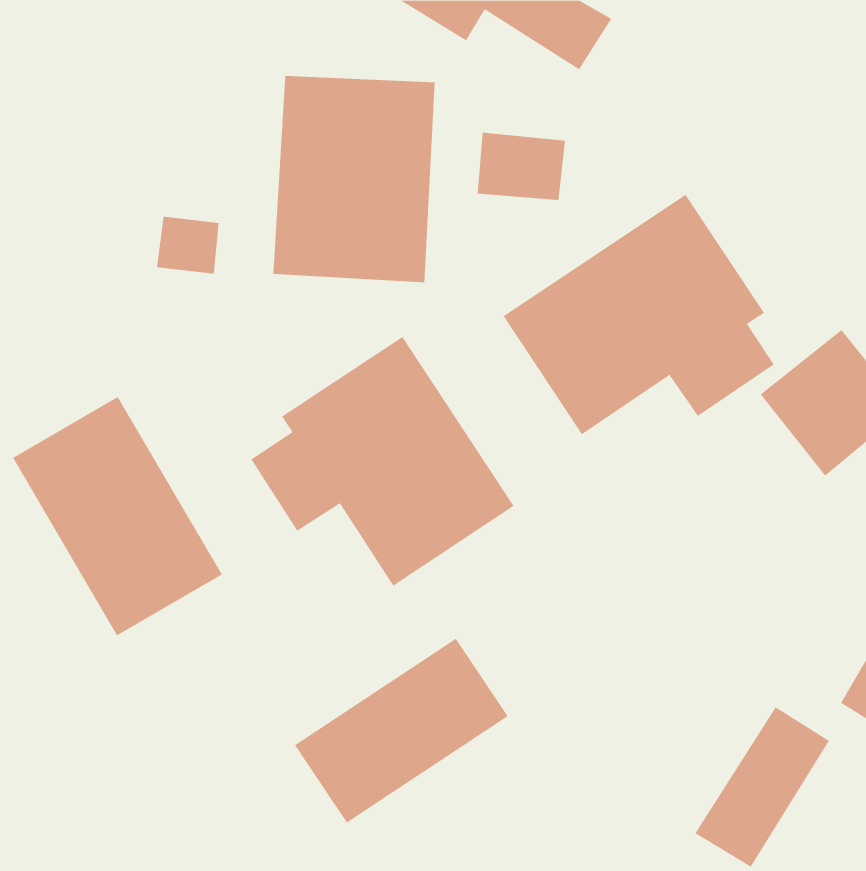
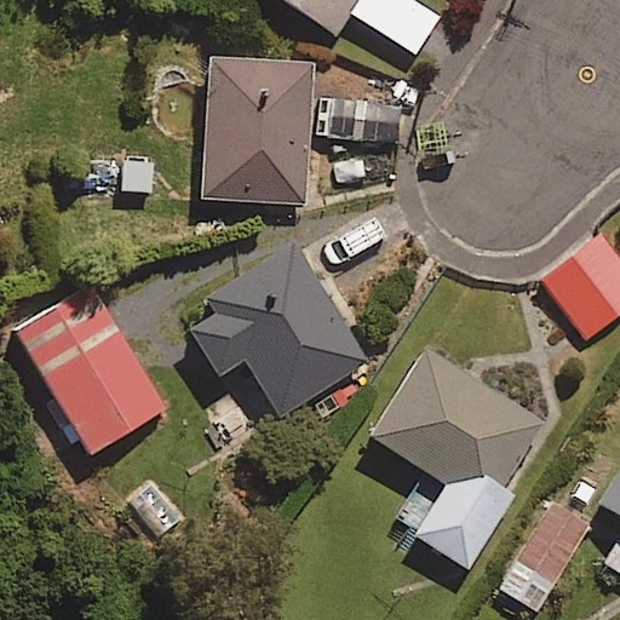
building: [503,194,775,435] -> none
building: none -> [372,350,542,569]
building: [294,638,508,823] -> none

